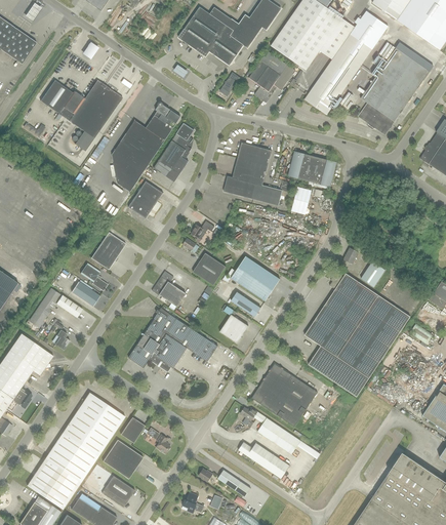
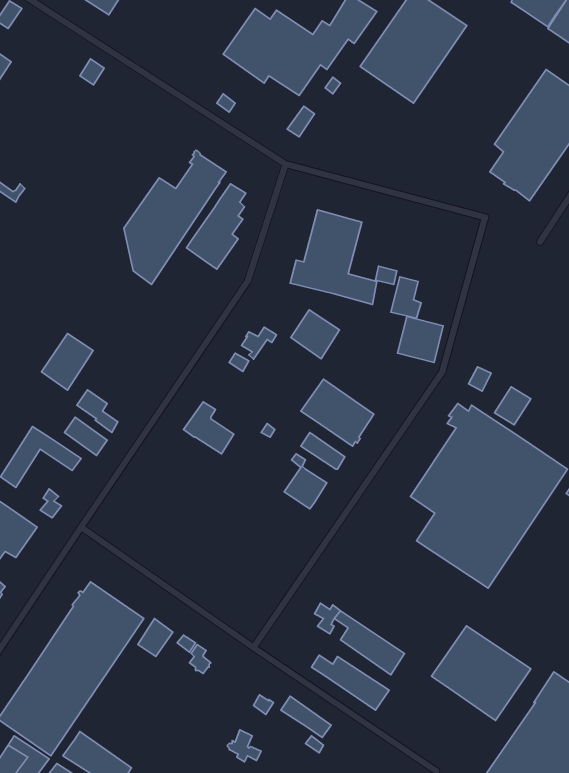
building: [305,14,386,114] -> none
building: [249,50,295,102] -> none
building: [40,80,123,151] -> none
building: [297,153,328,184] -> [398,317,443,362]
building: [128,180,163,218] -> none
building: [91,232,126,270] -> [41,334,93,390]
building: [193,252,226,285] -> [291,310,340,359]
building: [128,308,218,371] -> none
building: [251,363,318,427] -> [432,626,531,721]
building: [103,439,144,478] -> none
building: [102,475,135,507] -> none

